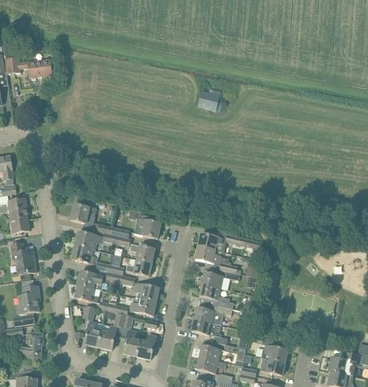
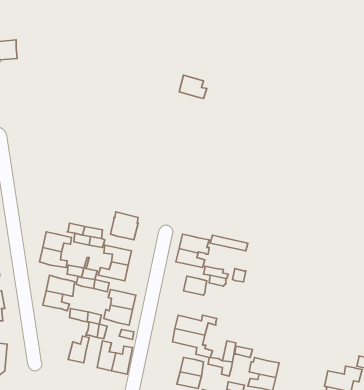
building: [71,203,97,224] -> none
building: [199,284,234,309] -> none
building: [83,305,102,346] -> none

